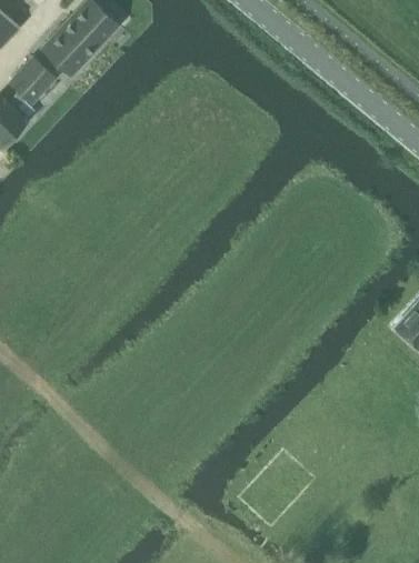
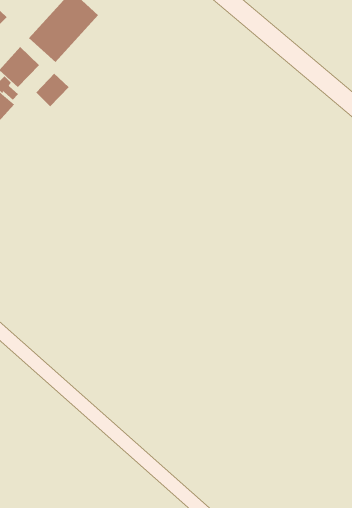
building: none -> [36,73,69,107]

